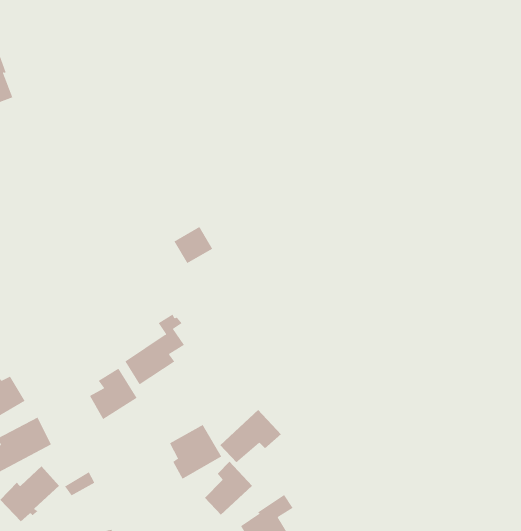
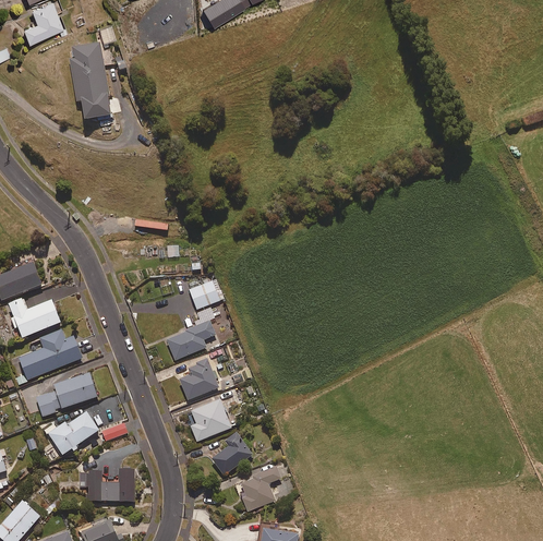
building: [174,226,213,264] -> [189,280,219,309]
building: [89,368,137,420] -> [180,360,218,399]
building: [220,409,282,463] -> none

